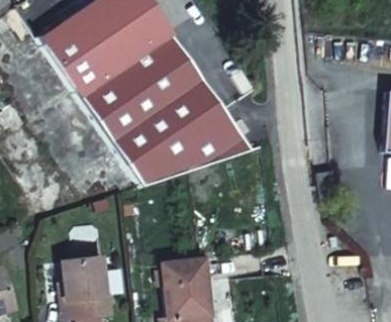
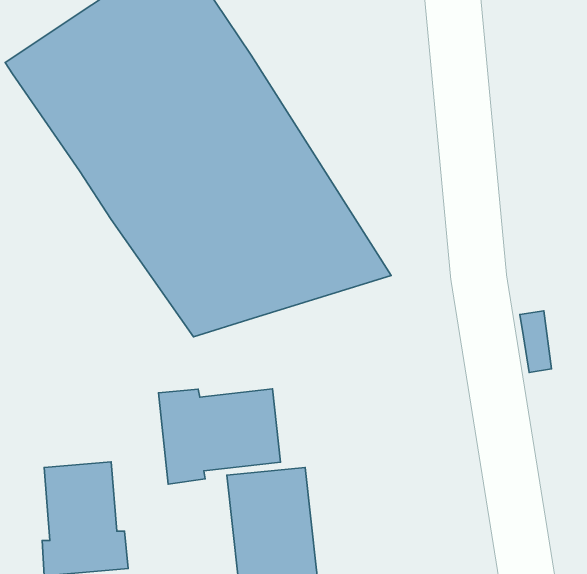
building: none -> [159,389,281,484]

